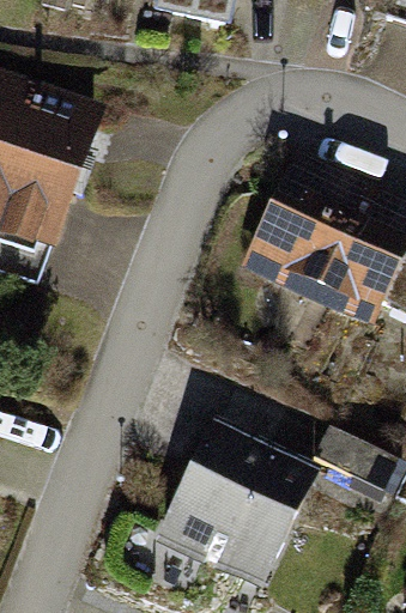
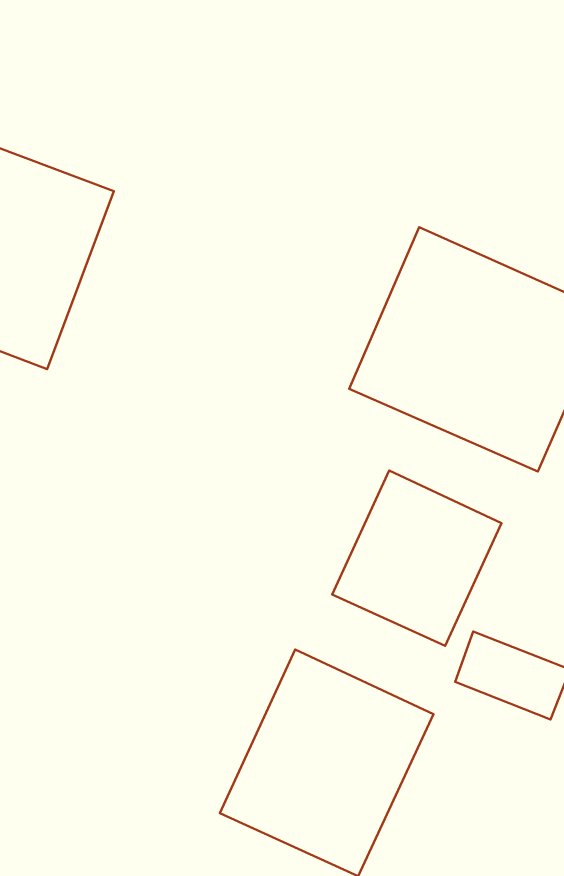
building: none -> [332,471,501,646]

